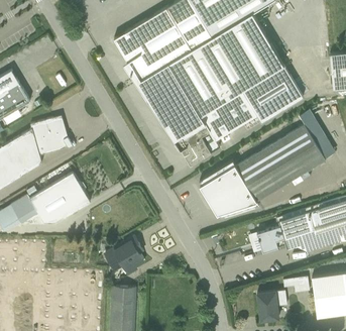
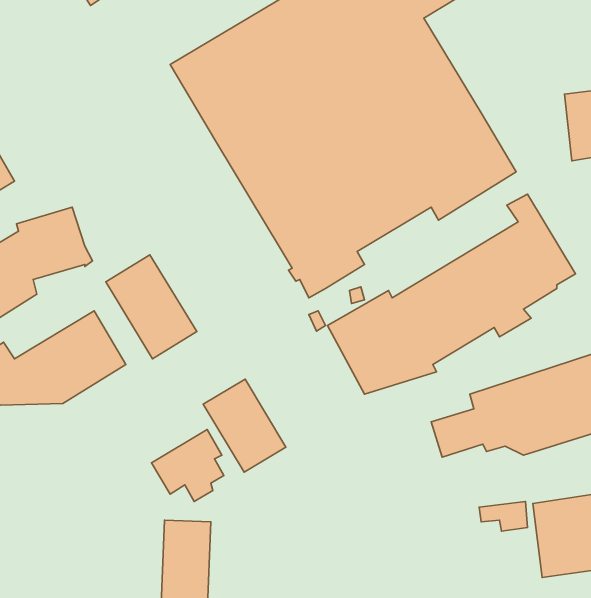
building: none -> [106,255,197,359]
building: none -> [203,379,286,472]
building: [257,291,286,321] -> none

